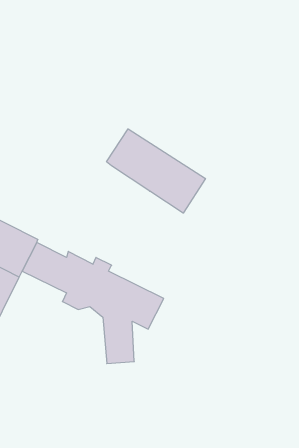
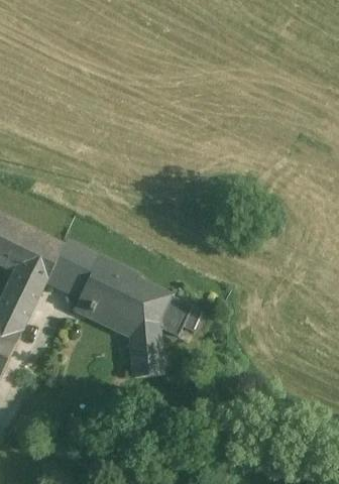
building: [107,129,205,213] -> none

